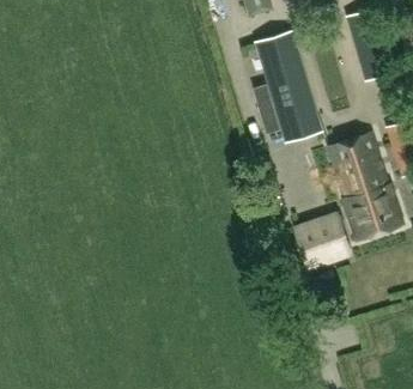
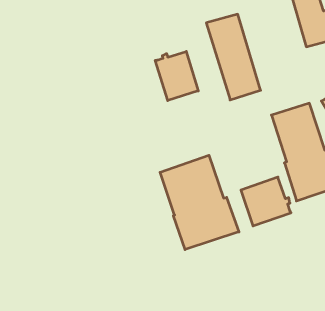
building: none -> [155,51,198,101]
building: none -> [160,155,239,250]

